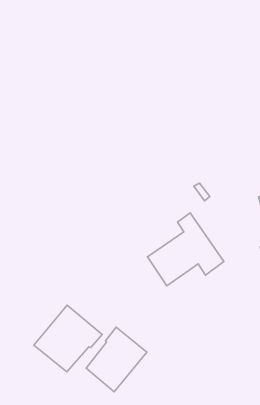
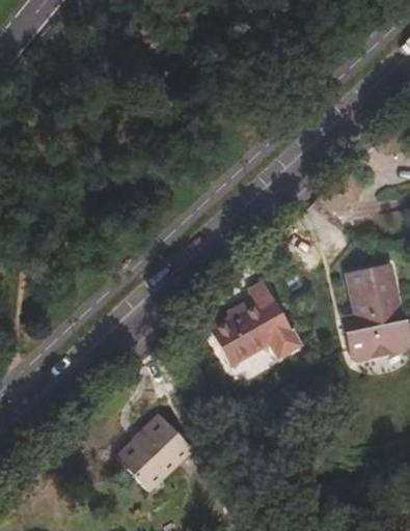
building: [34,305,102,372] -> none

